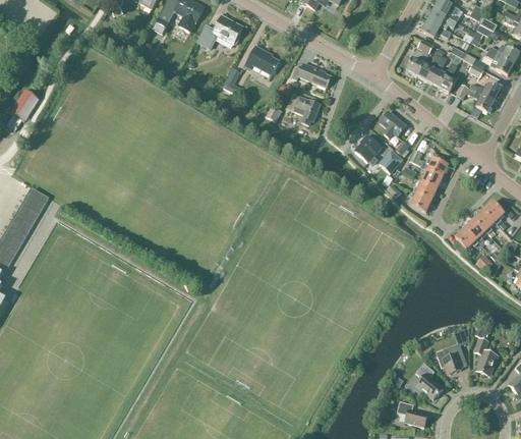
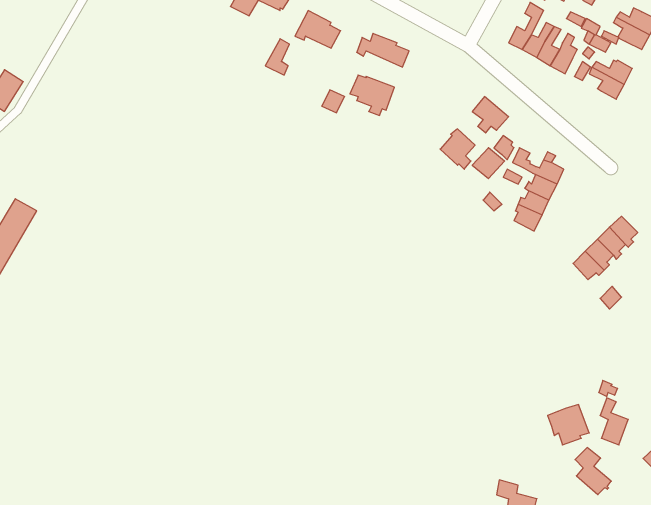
building: [415,363,443,398] -> [575,448,611,495]

